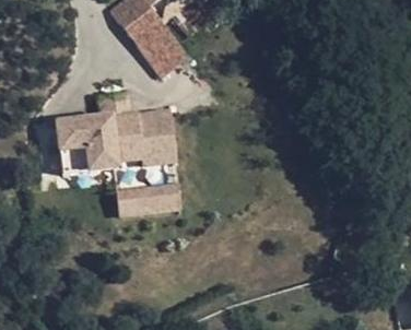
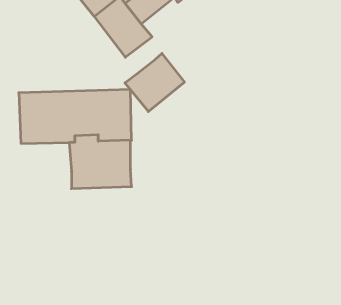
building: none -> [125,53,184,112]

